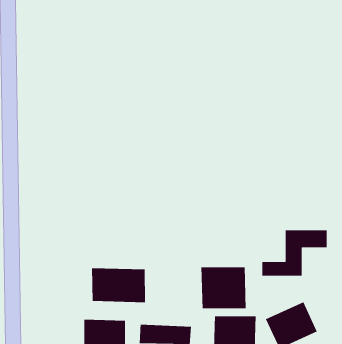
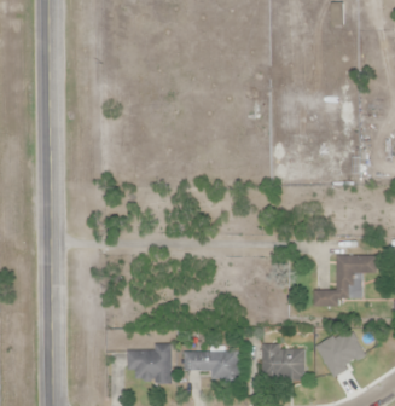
building: [201,266,247,309] -> none
building: [91,267,146,303] -> none

